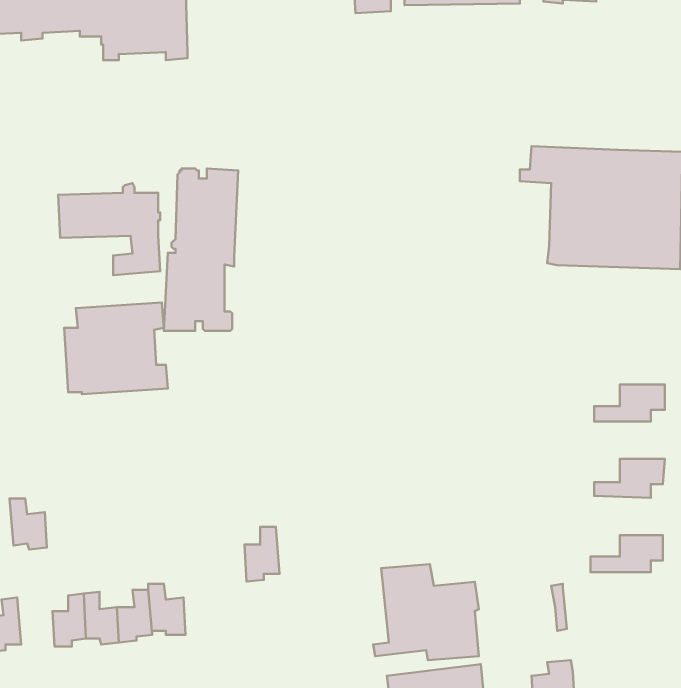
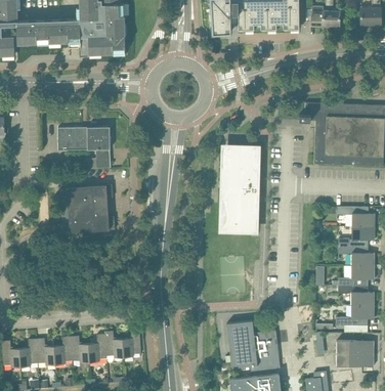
building: [164,169,238,331] -> [220,145,259,230]
building: none -> [336,206,375,226]
building: none -> [338,246,375,265]
building: none -> [338,285,374,305]
building: [10,499,47,549] -> [36,338,55,364]
building: [244,527,280,582] -> [123,329,141,357]
building: none -> [336,340,374,365]

